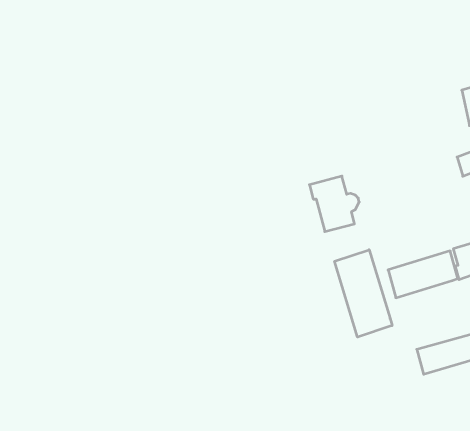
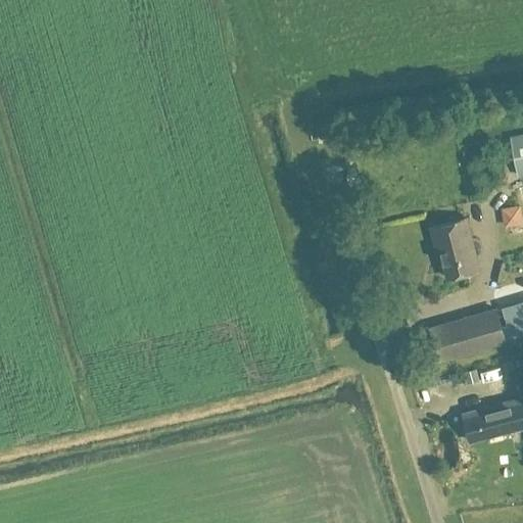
building: [309,176,359,232] -> [431,220,484,279]
building: [335,250,392,337] -> none

